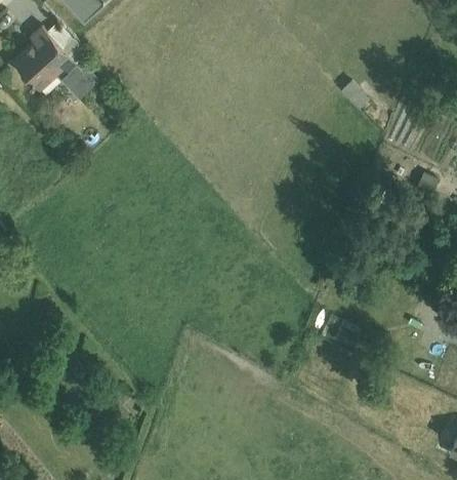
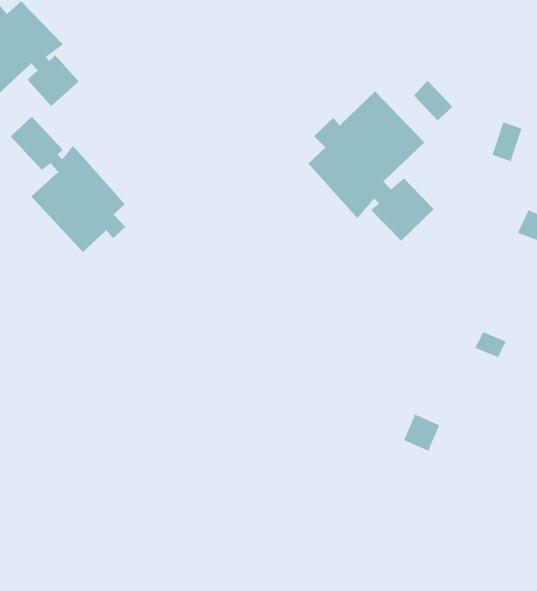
building: none -> [308,90,435,241]
building: none -> [10,116,126,253]

